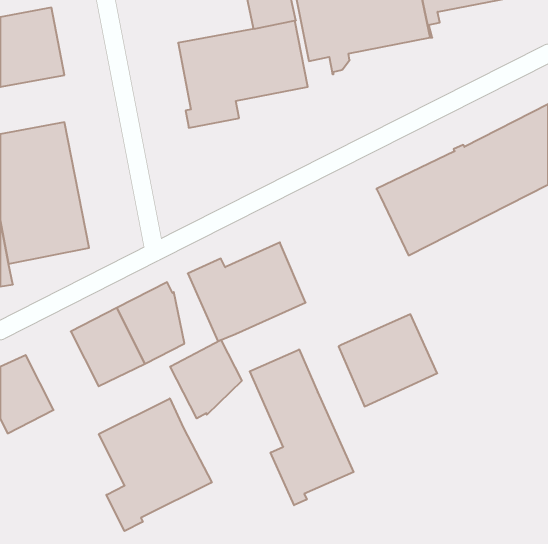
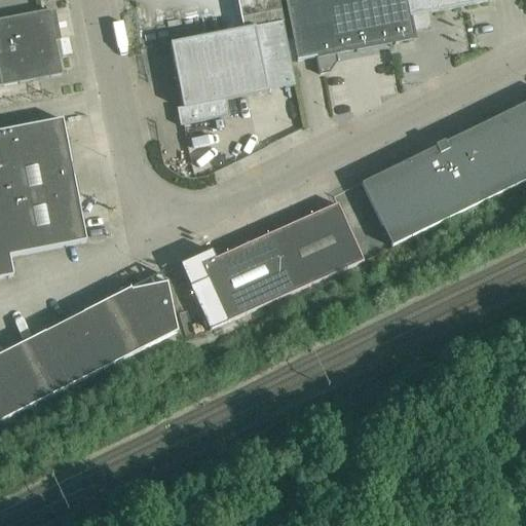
building: [339,314,437,406] -> [268,201,363,290]
building: none -> [25,317,95,392]
building: [170,340,242,418] -> none
building: [250,349,354,505] -> none
building: [99,398,212,531] -> none

